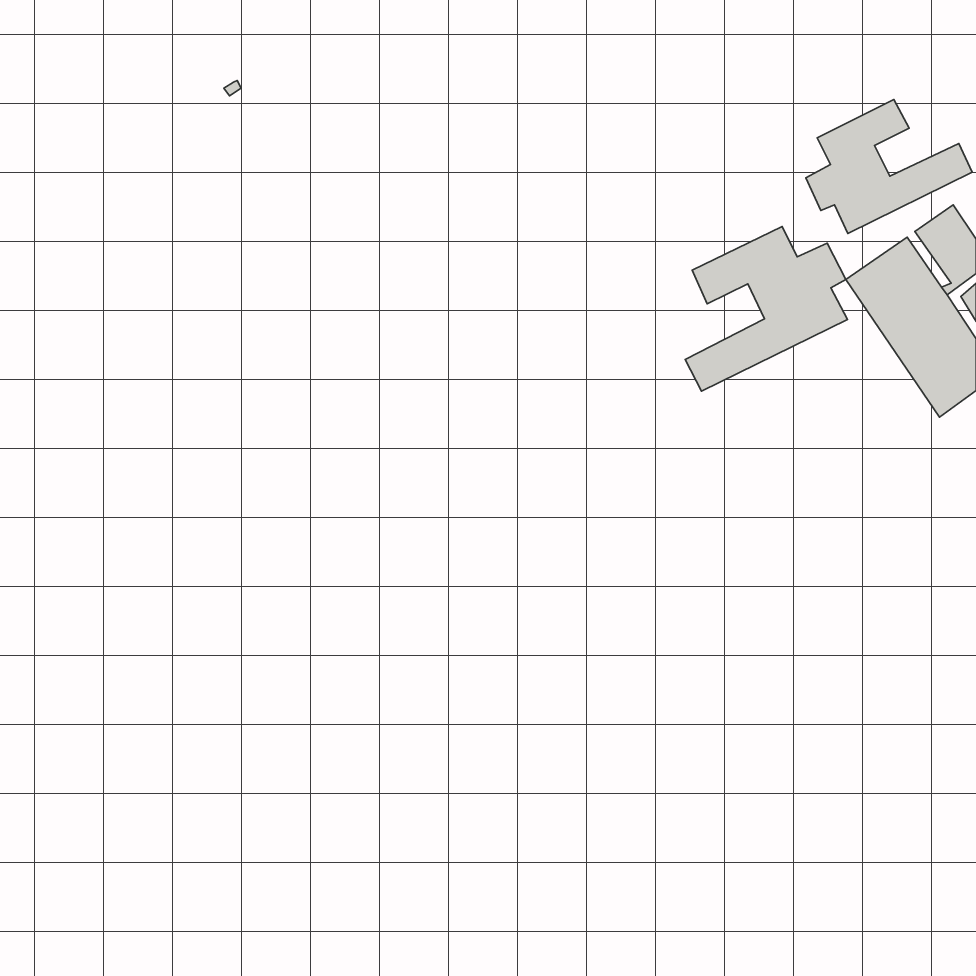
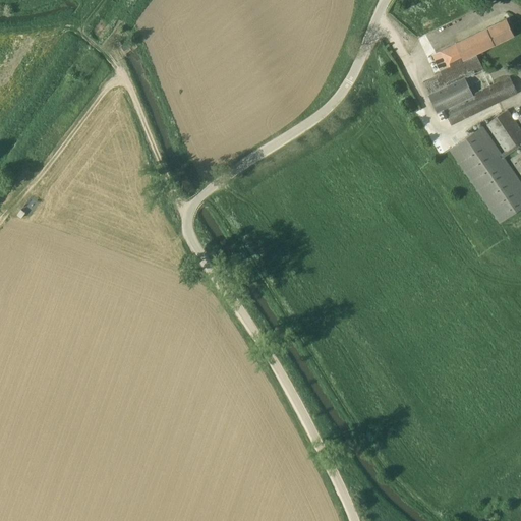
building: none -> [426,18,514,73]
building: [685,226,847,391] -> none

